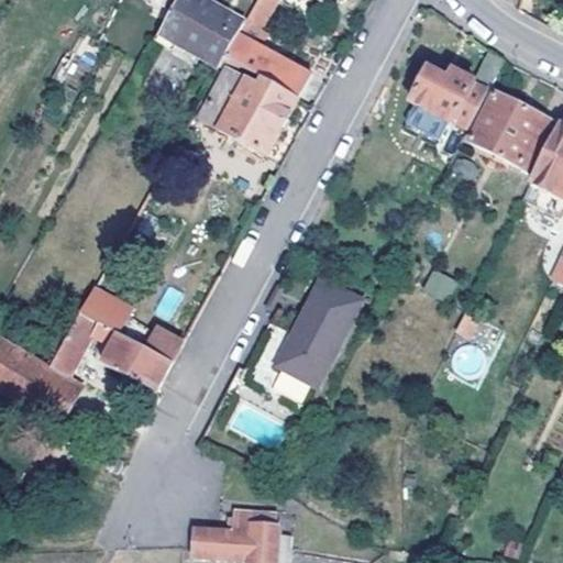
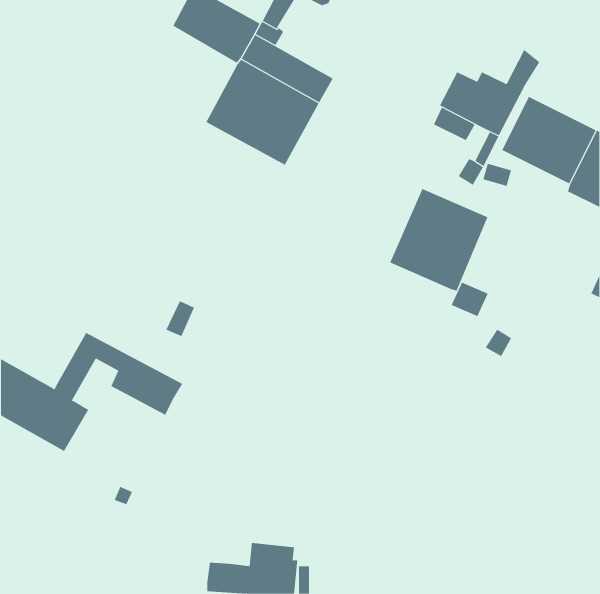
building: none -> [389,188,488,292]
building: [277,275,363,385] -> none
building: [80,292,183,360] -> none

